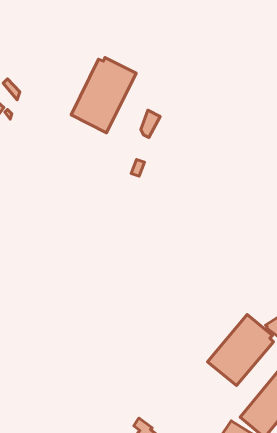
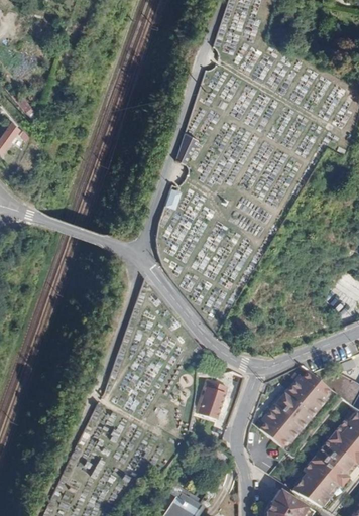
building: [71,57,136,133] -> none
building: none -> [198,380,229,419]

